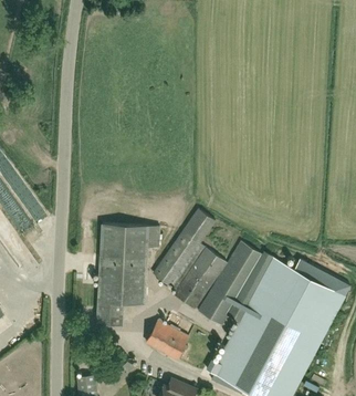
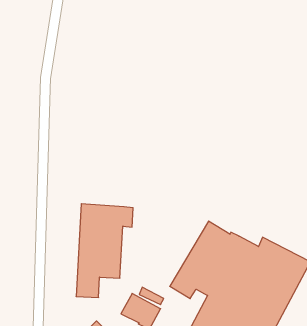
building: [154,208,227,309] -> none

